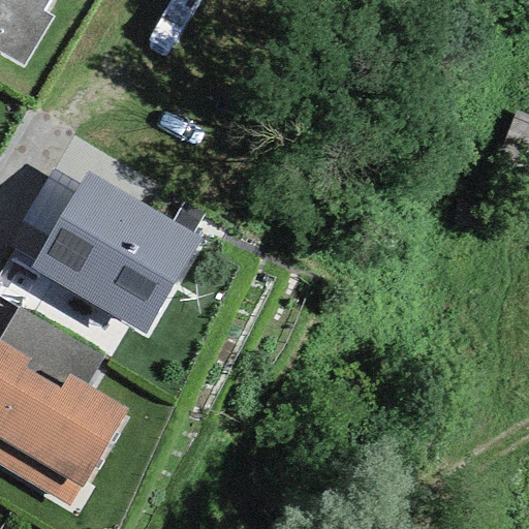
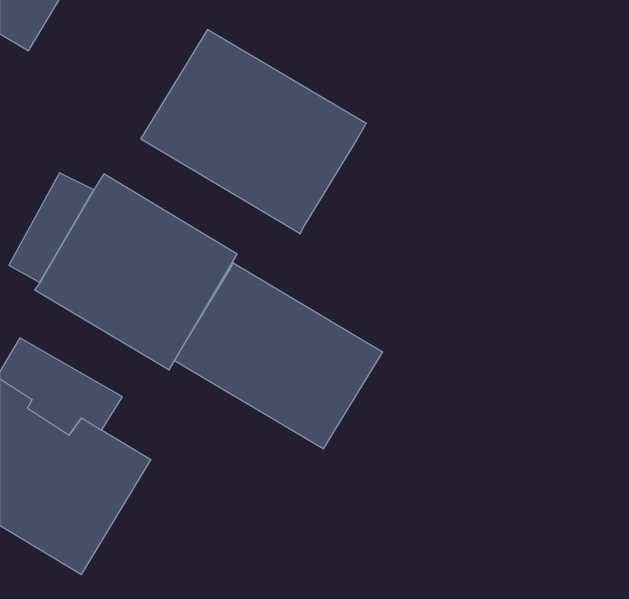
building: none -> [141,29,366,234]
building: none -> [175,263,383,449]

